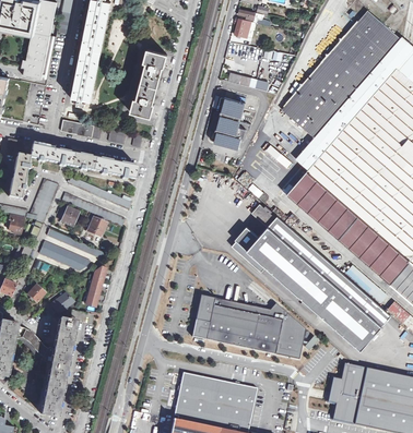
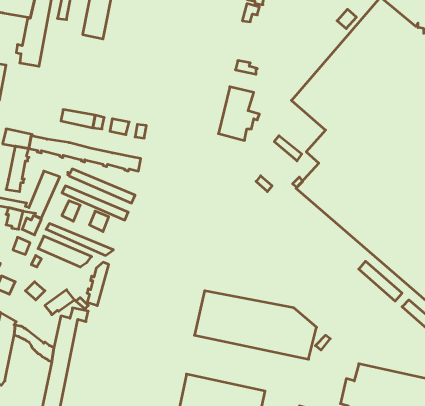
building: [72,47,102,106] -> none
building: [131,49,168,117] -> none
building: [231,203,390,349] -> none

